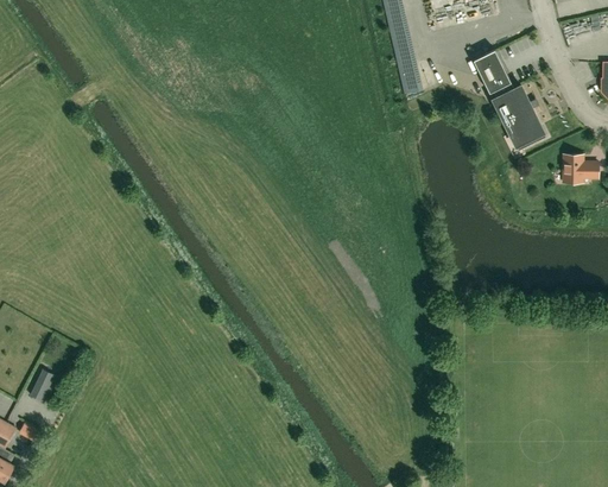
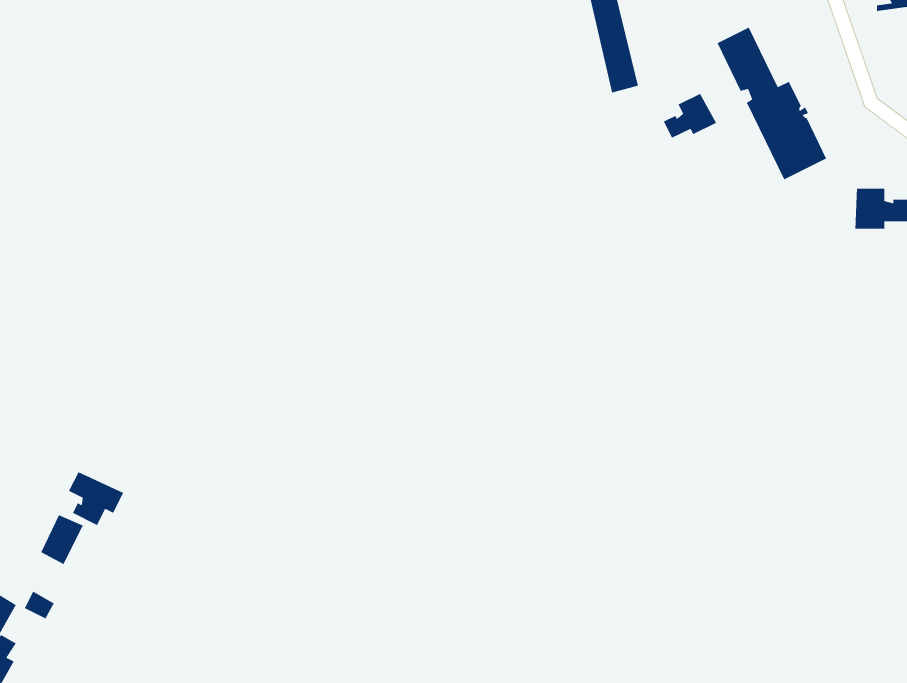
building: none -> [663,93,717,139]
building: none -> [68,471,124,526]

